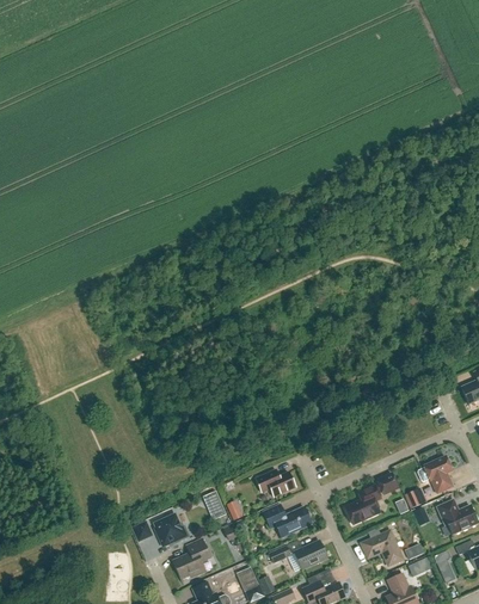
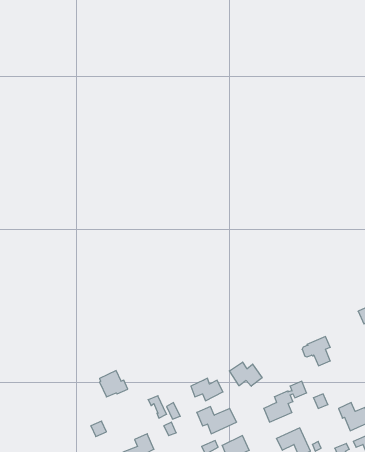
building: none -> [229,362,262,386]
building: [417,456,452,492] -> [302,337,330,366]
building: [154,513,189,546] -> [100,371,128,397]

